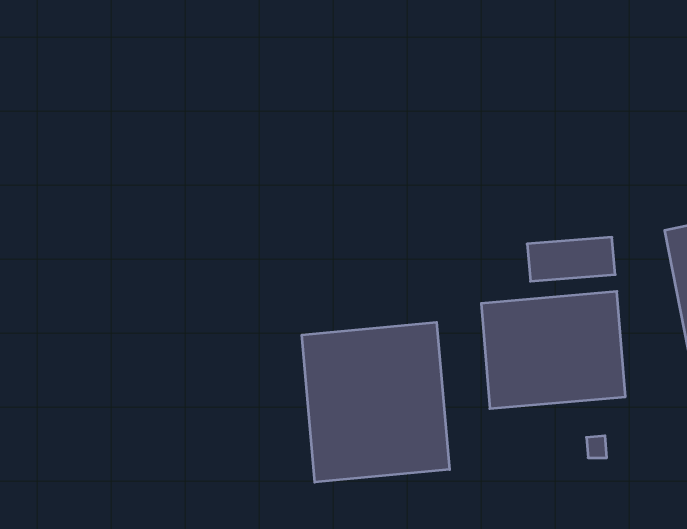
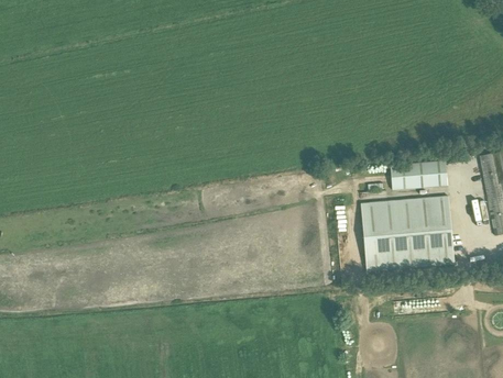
building: [302,322,450,482] -> none

